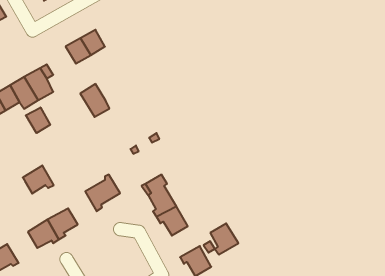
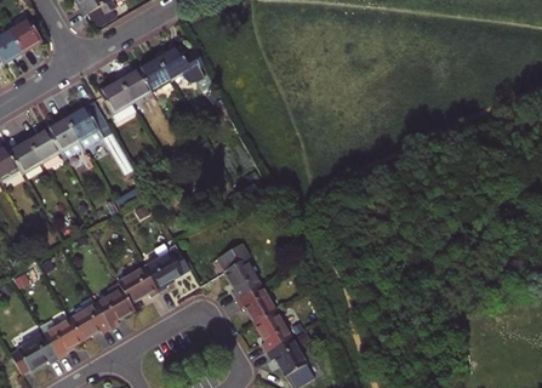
building: none -> [158,45,205,81]
building: [80,84,109,117] -> [99,79,137,121]
building: [26,107,50,133] -> none
building: [23,165,54,194] -> [119,266,159,302]
building: [210,223,238,254] -> [256,310,292,350]
building: none -> [44,318,82,358]

